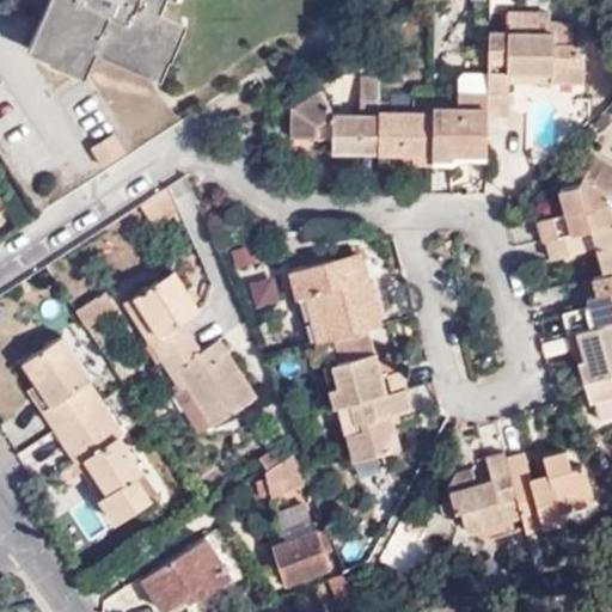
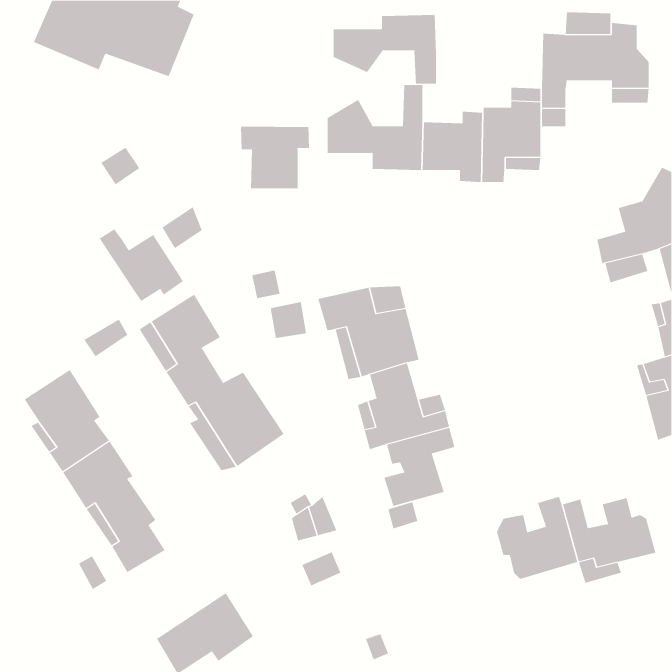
building: none -> [333,14,437,85]
building: none -> [240,126,310,189]
building: none -> [99,229,184,302]
building: [273,532,341,587] -> none

